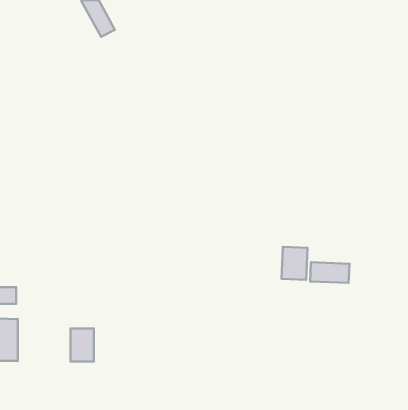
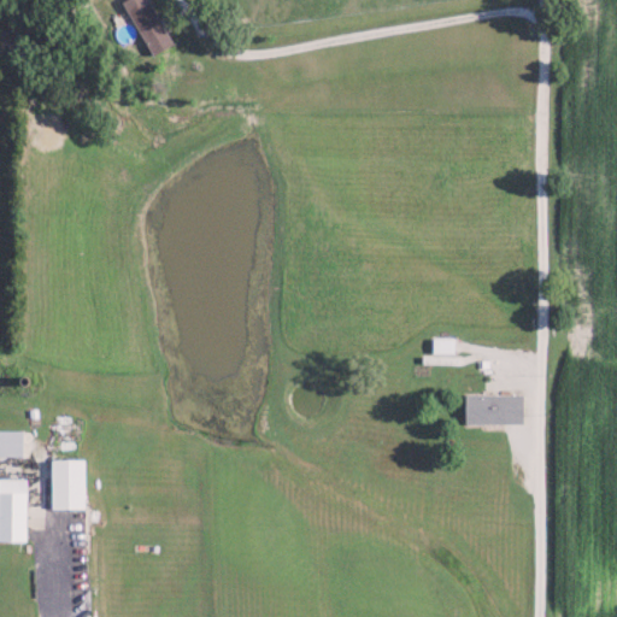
building: [282,247,308,280] -> none
building: [70,328,94,361] -> [52,460,87,510]

